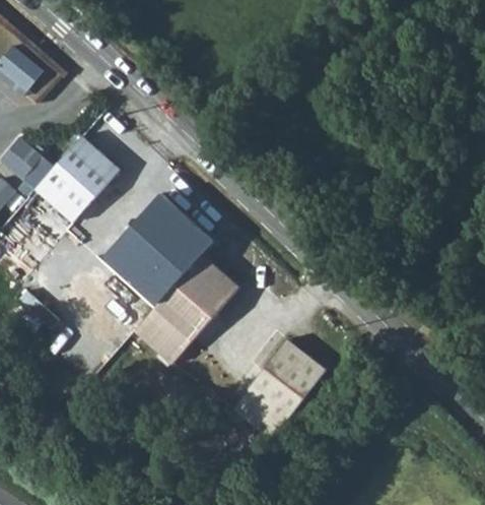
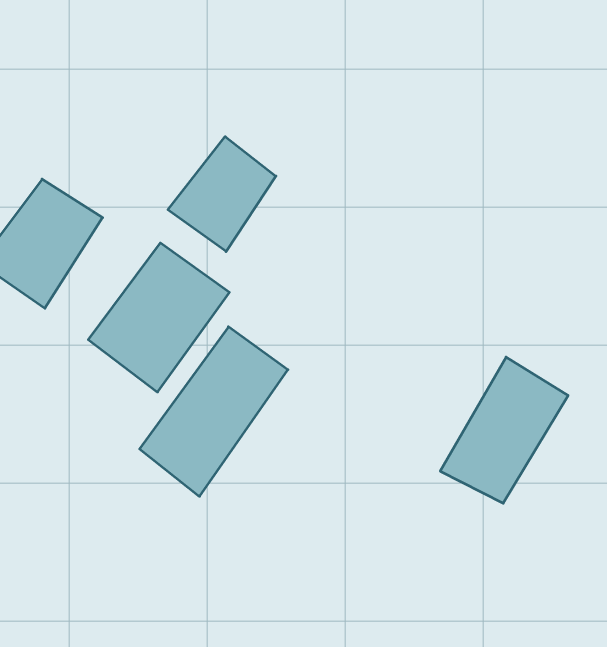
building: none -> [168,137,276,252]
building: [233,336,326,436] -> [440,357,568,503]

